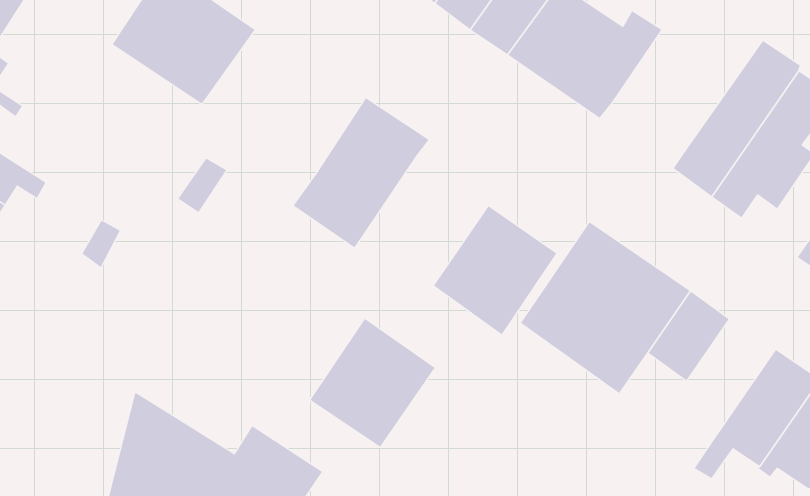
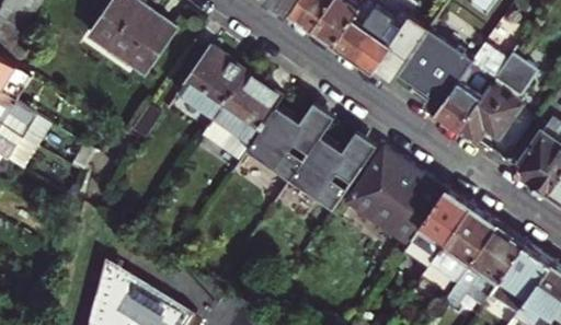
building: none -> [398,28,489,105]
building: none -> [178,47,245,118]
building: [309,318,435,448] -> [243,107,321,187]
building: none -> [432,208,499,283]

